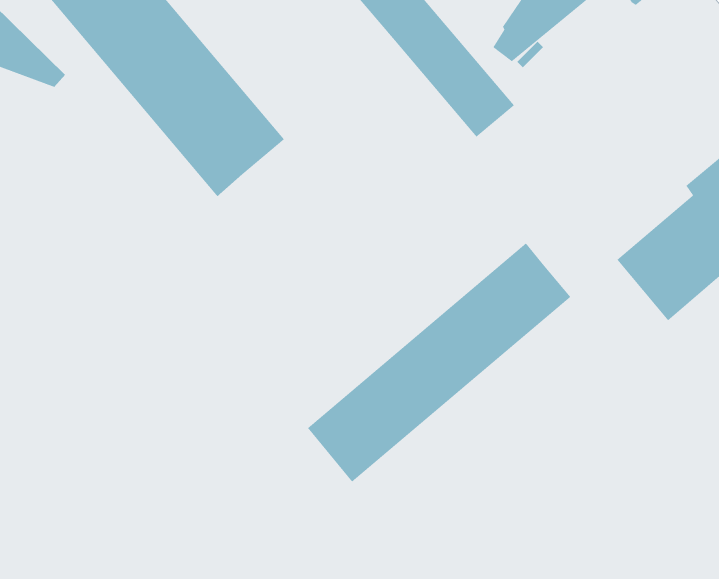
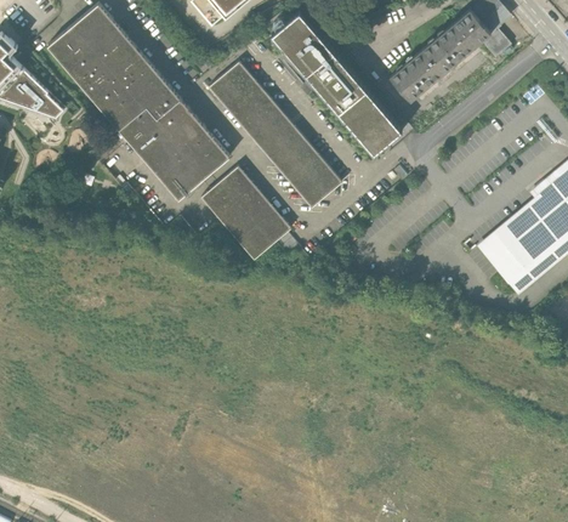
building: none -> [209,62,342,209]
building: none -> [200,168,291,261]
building: [307,243,571,482] -> none

